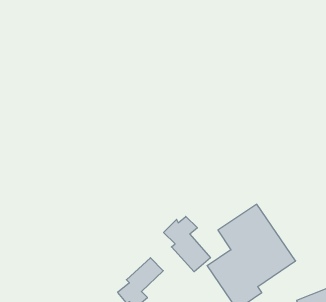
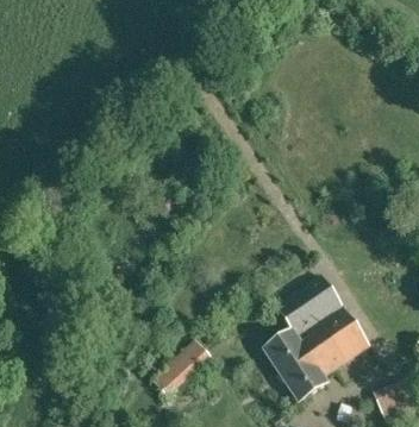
building: [164,216,210,272] -> none

